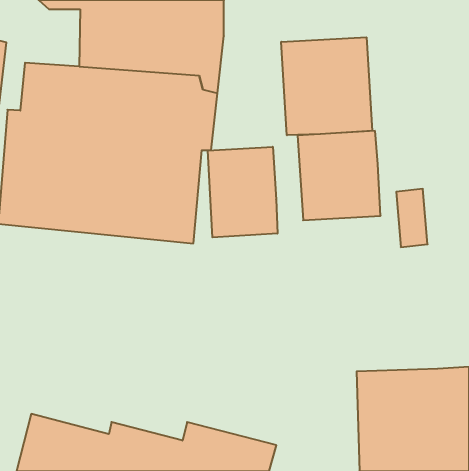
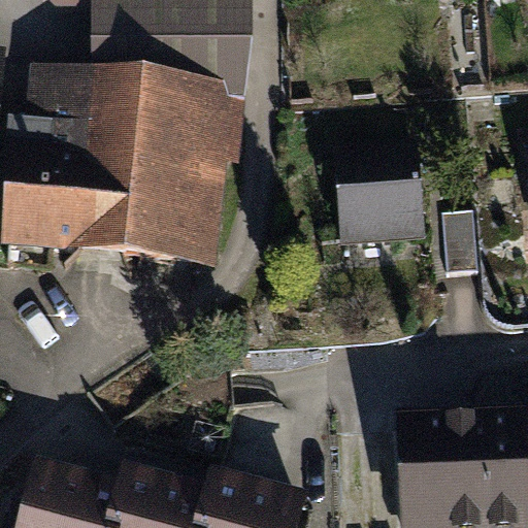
building: [281,37,372,135] -> none
building: [208,147,277,237] -> none

